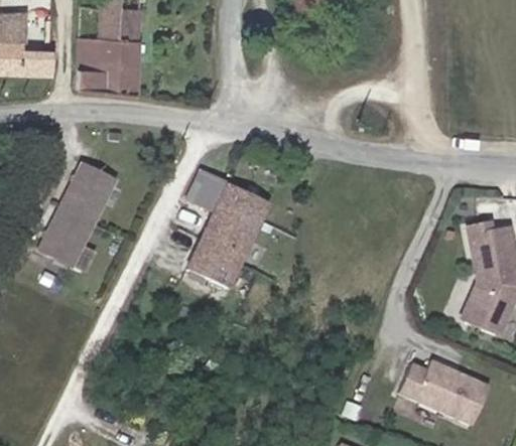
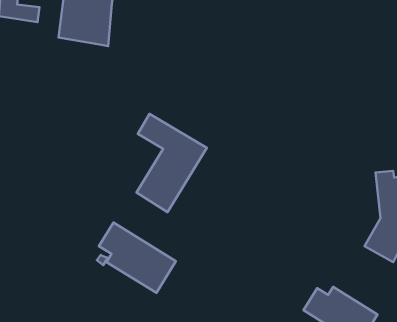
building: [40,160,115,262] -> none
building: none -> [99,223,176,293]

